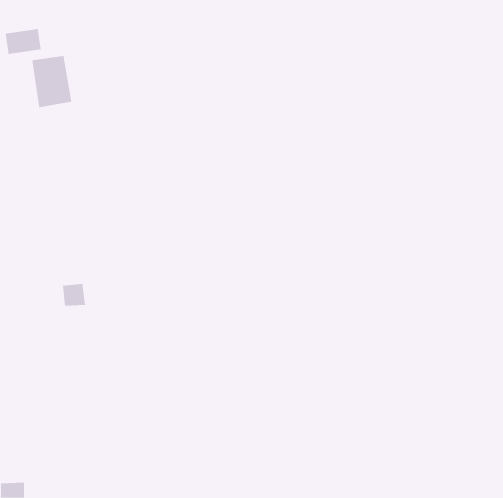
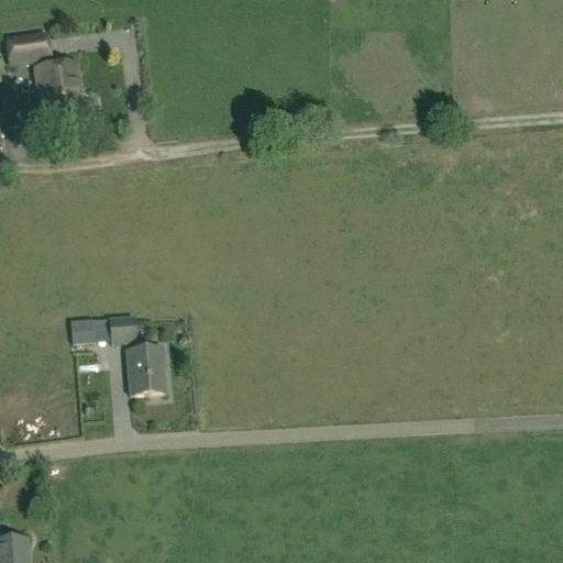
building: none -> [110,314,136,341]
building: none -> [128,345,166,393]

